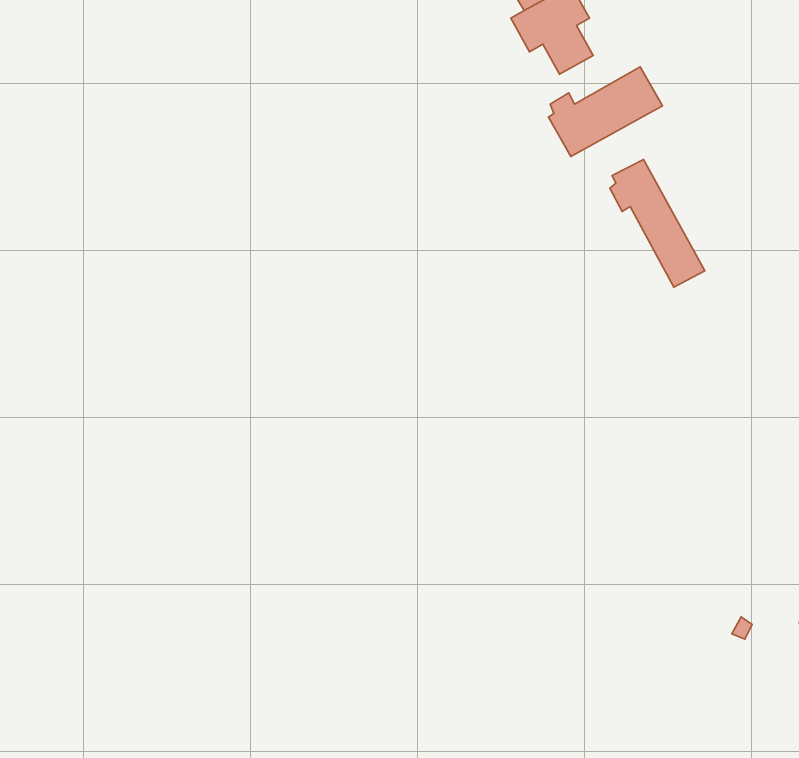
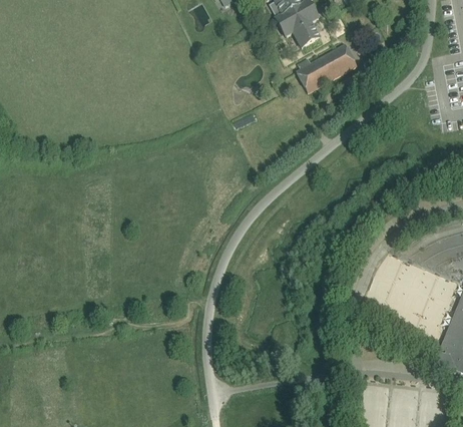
building: [610,159,705,287] -> none

